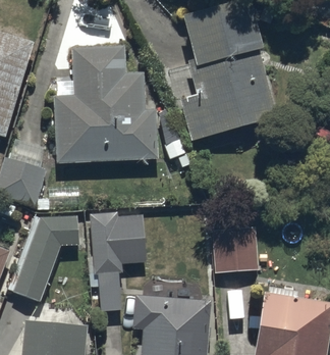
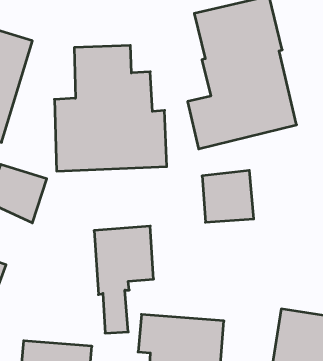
building: [12,214,79,300] -> none
building: [211,225,259,273] -> [202,170,254,222]

